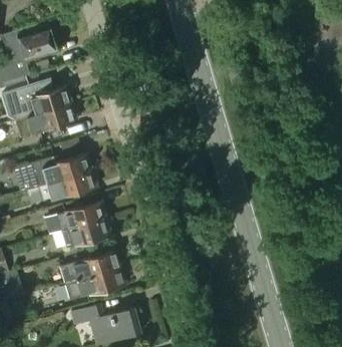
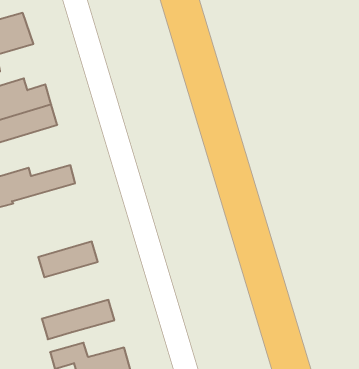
building: [39,169,97,201] -> none
building: [56,202,106,232] -> none
building: [60,251,120,284] -> none

